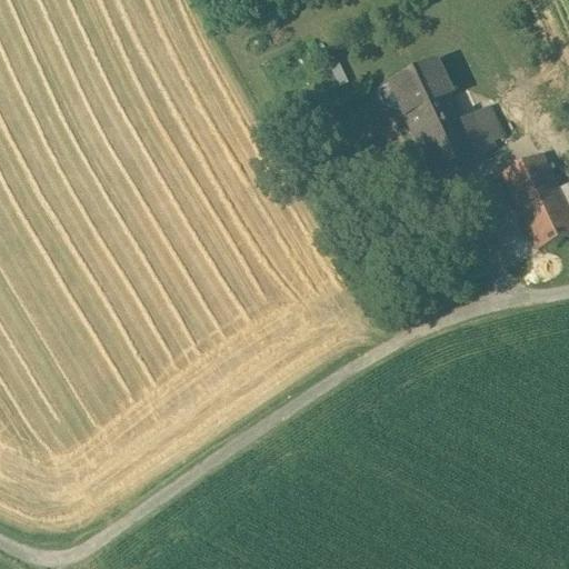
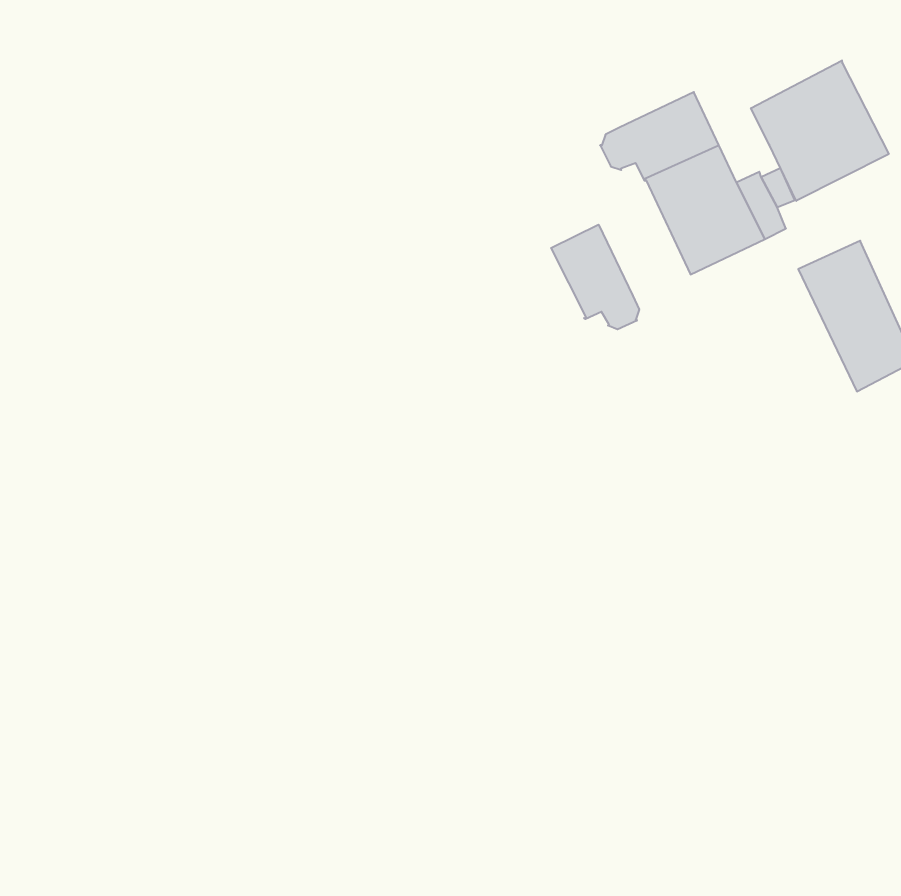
building: none -> [751,60,889,201]
building: none -> [551,225,639,329]

